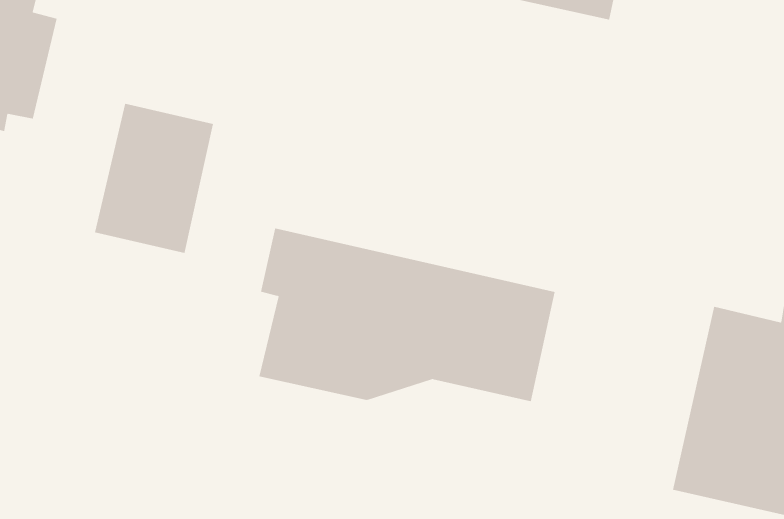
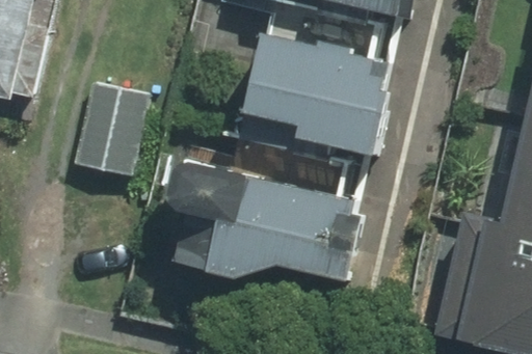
building: none -> [249,28,399,167]

